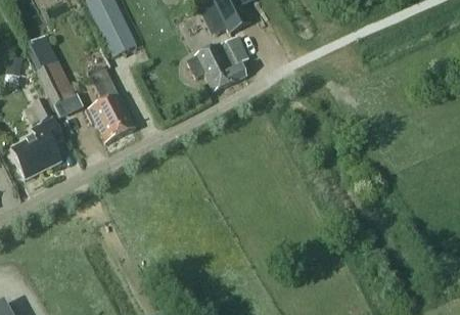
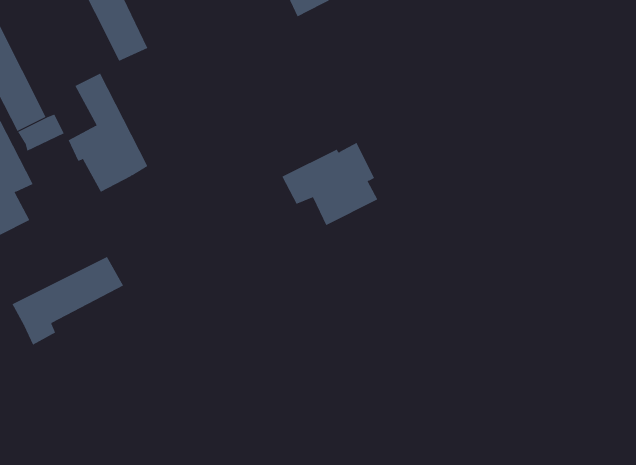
building: [185,38,245,90] -> [282,142,378,226]
building: none -> [12,256,124,345]

